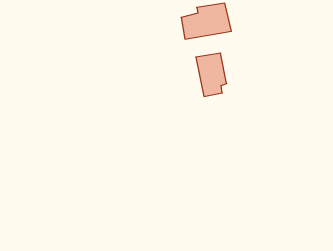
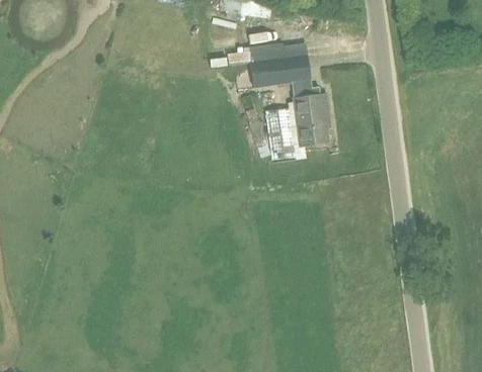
building: none -> [295,92,330,145]

